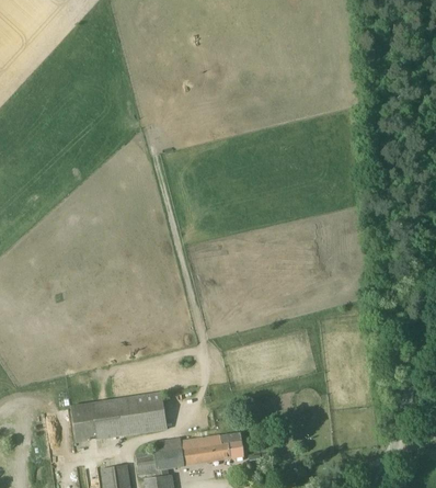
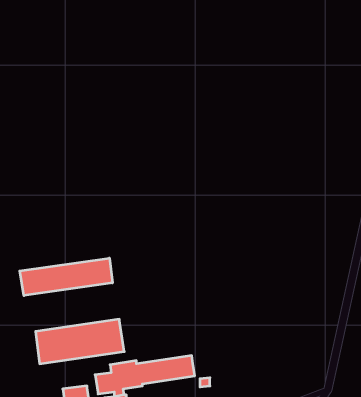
building: none -> [20,258,112,296]

